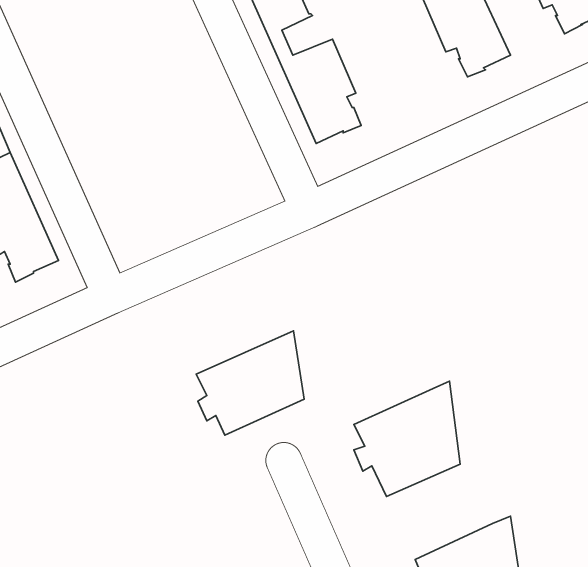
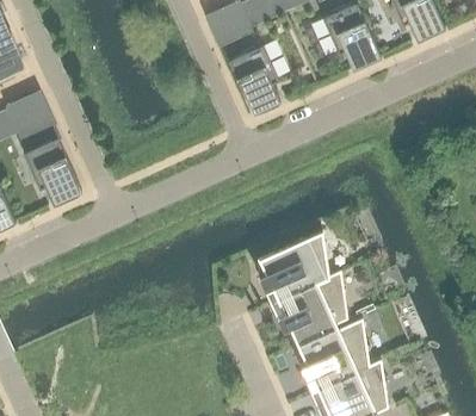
building: [196,331,304,435] -> [258,230,329,299]
building: none -> [298,318,369,389]

